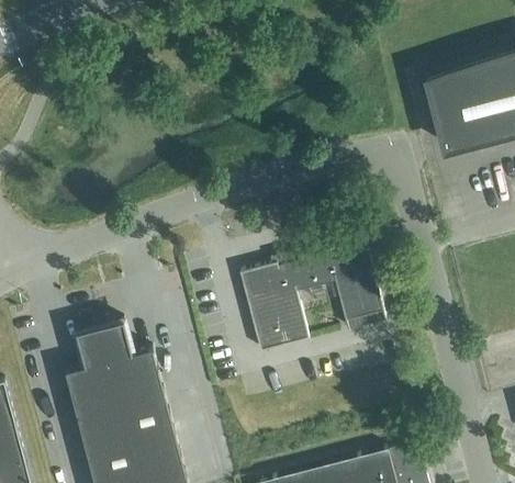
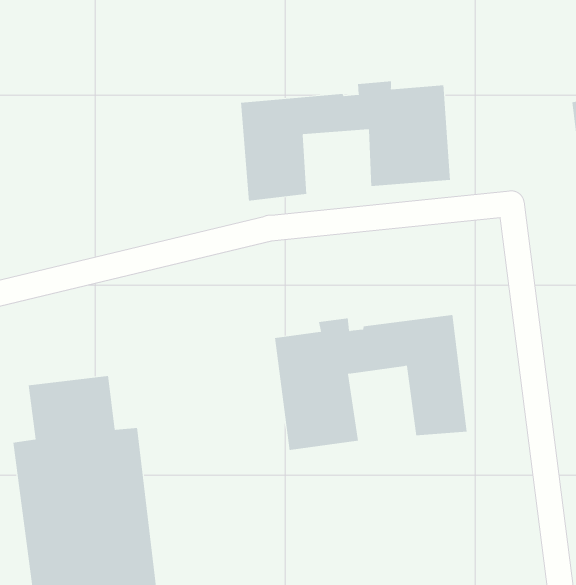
building: none -> [240,80,450,202]

